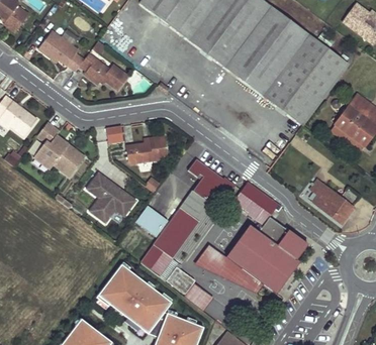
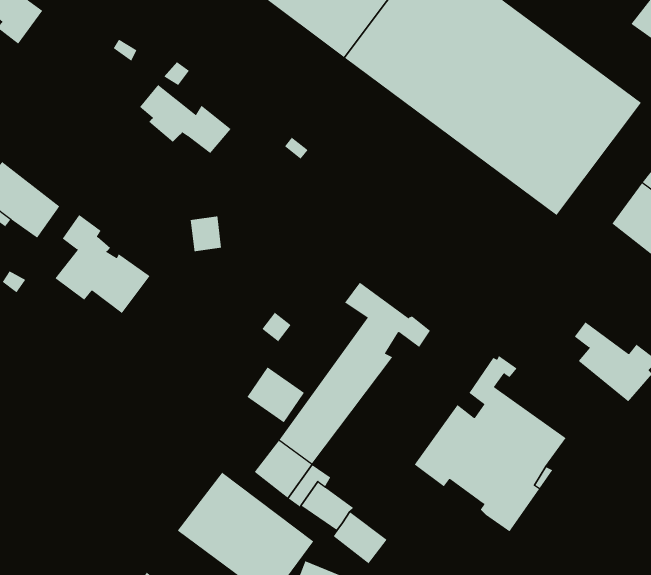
building: [38,30,84,72] -> none
building: [124,134,166,163] -> none
building: [86,173,136,224] -> none
building: [232,181,271,219] -> none
building: [195,245,265,294] -> none

